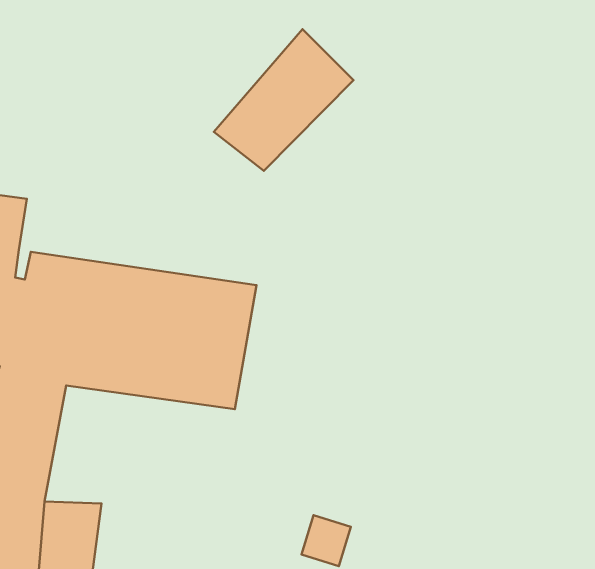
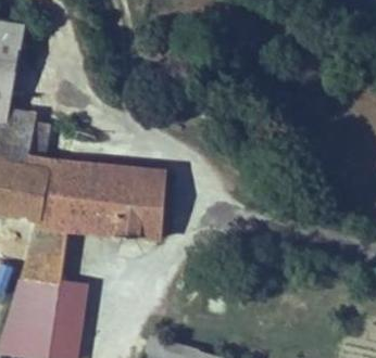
building: [214,29,354,171] -> none

